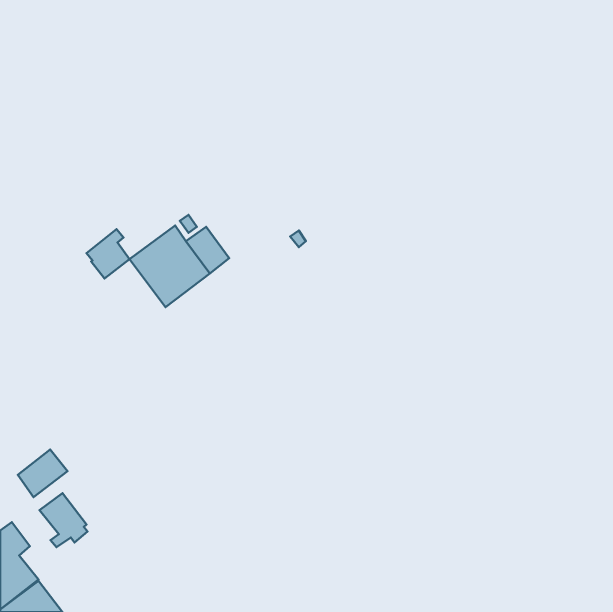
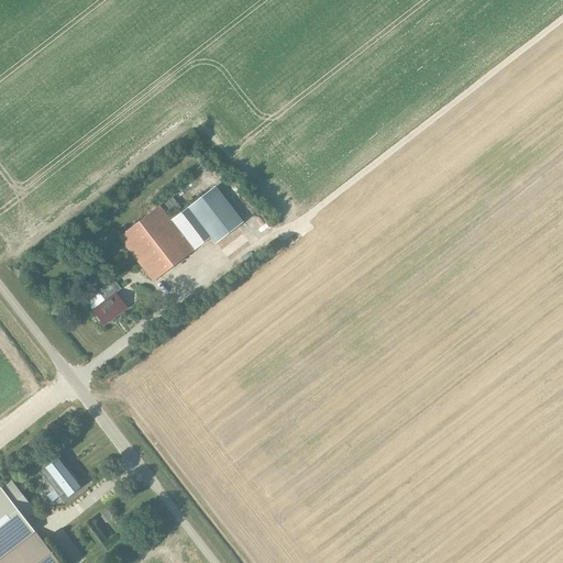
building: none -> [189,188,242,243]
building: [86,229,130,278] -> [87,280,126,325]
building: [18,449,67,497] -> none

